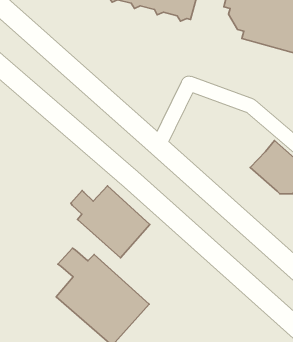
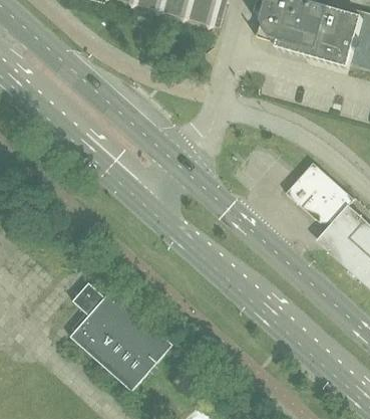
building: [71,186,150,258] -> none

